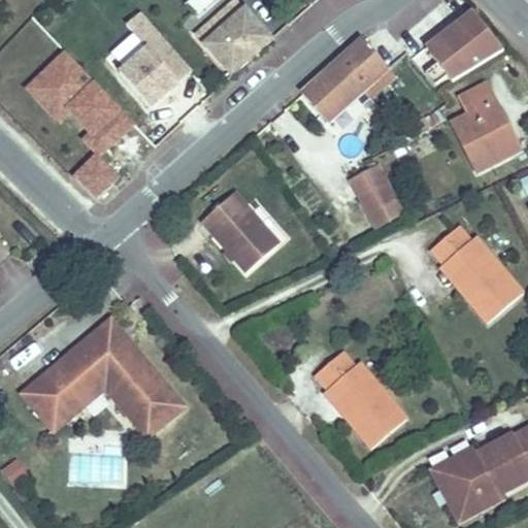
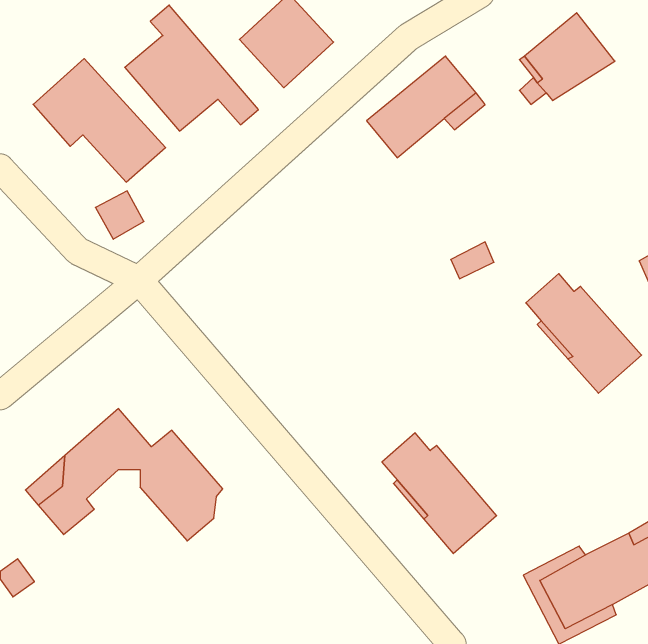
building: [452,73,517,164] -> none
building: [350,160,395,210] -> none
building: [193,191,271,271] -> none
building: [98,318,141,362] -> none

